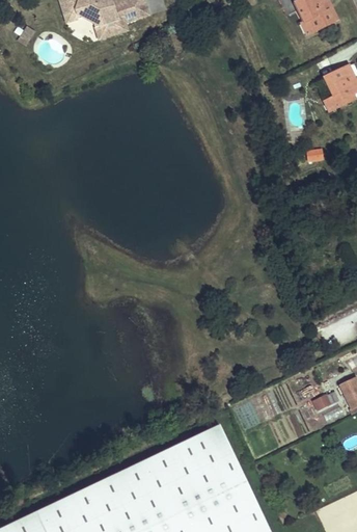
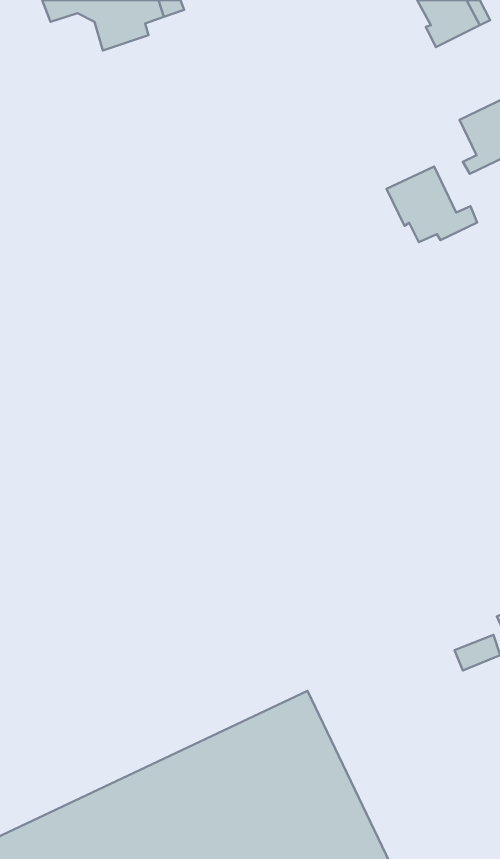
building: none -> [387,167,477,242]

